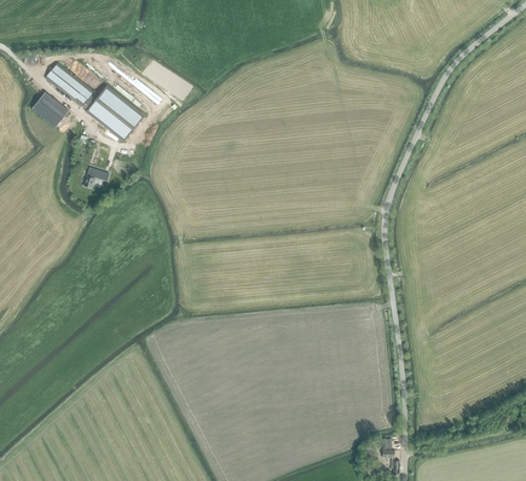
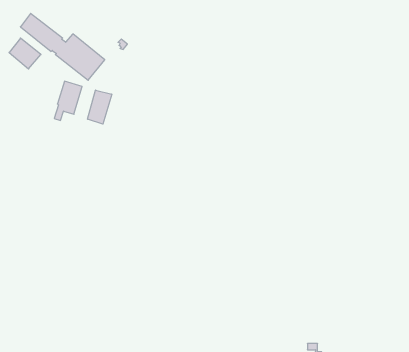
building: none -> [88,90,112,124]

